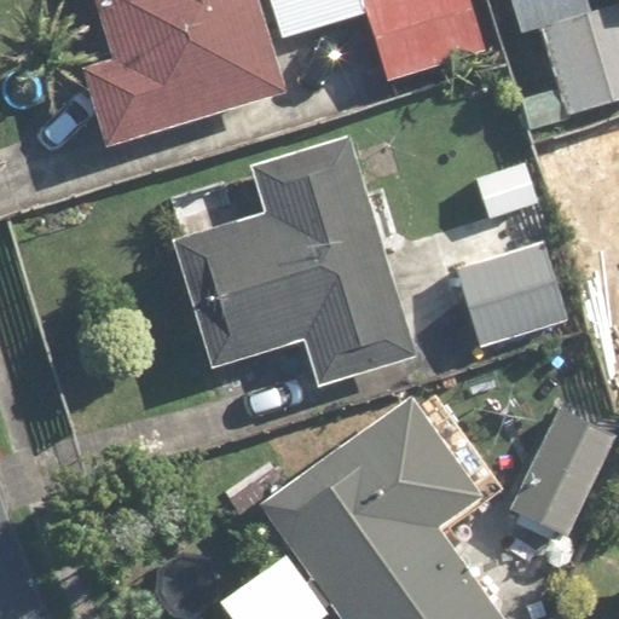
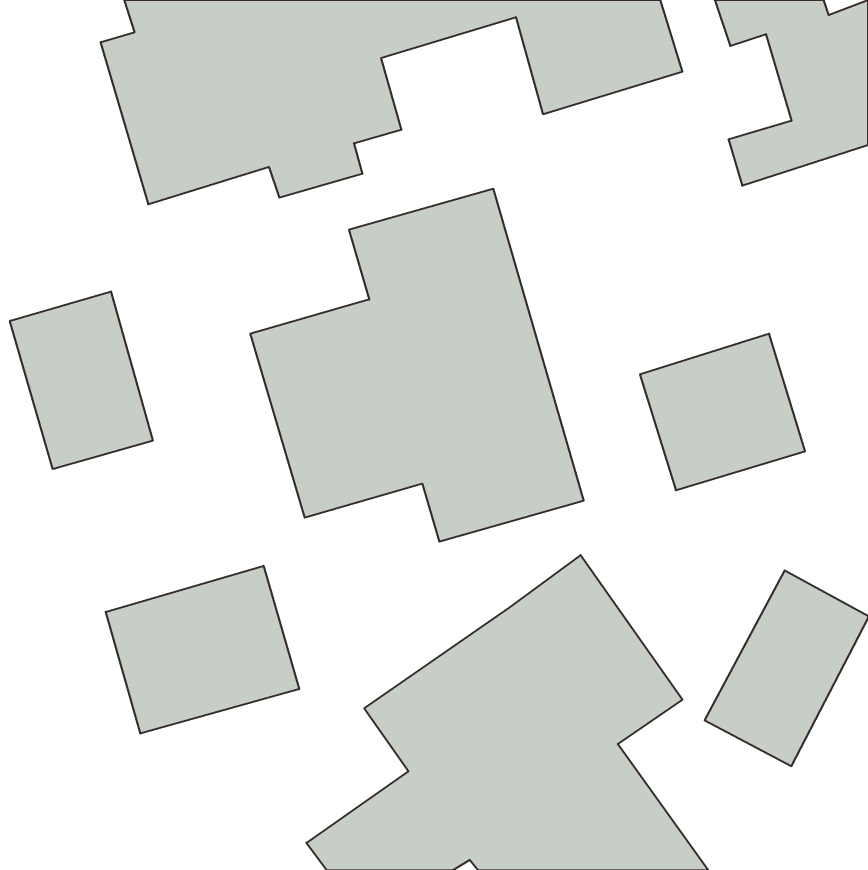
building: none -> [10,291,153,469]
building: none -> [106,566,299,734]

